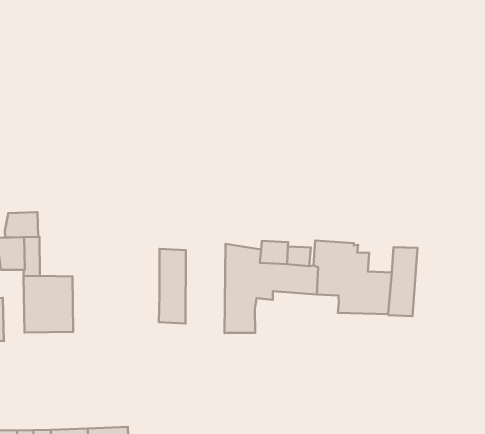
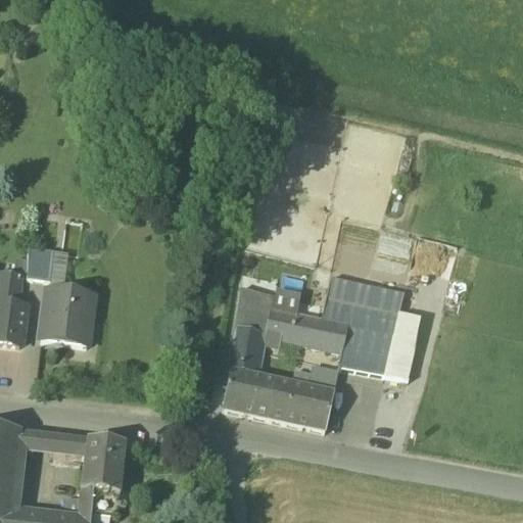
building: [5,212,38,237] -> none
building: none -> [326,275,403,335]
building: [159,249,186,324] -> none
building: none -> [222,365,337,430]

